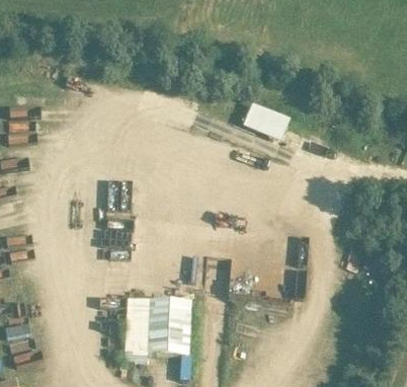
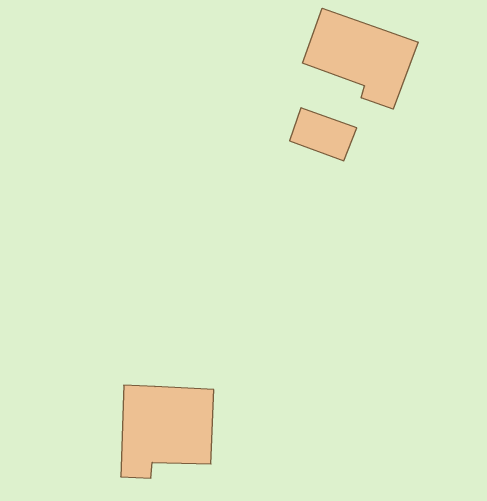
building: none -> [303,8,418,109]

